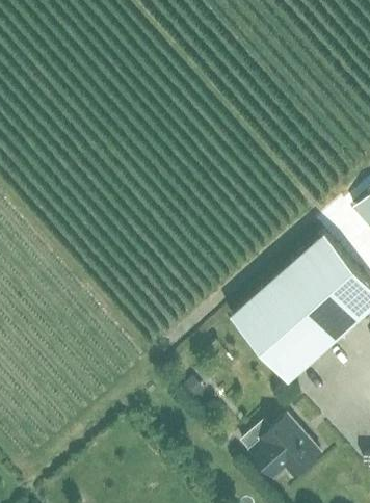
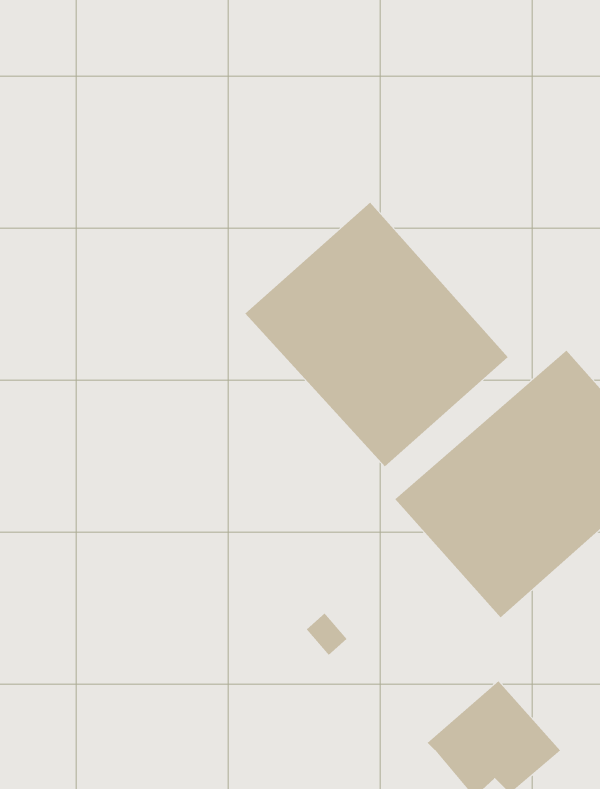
building: none -> [244,202,508,467]

